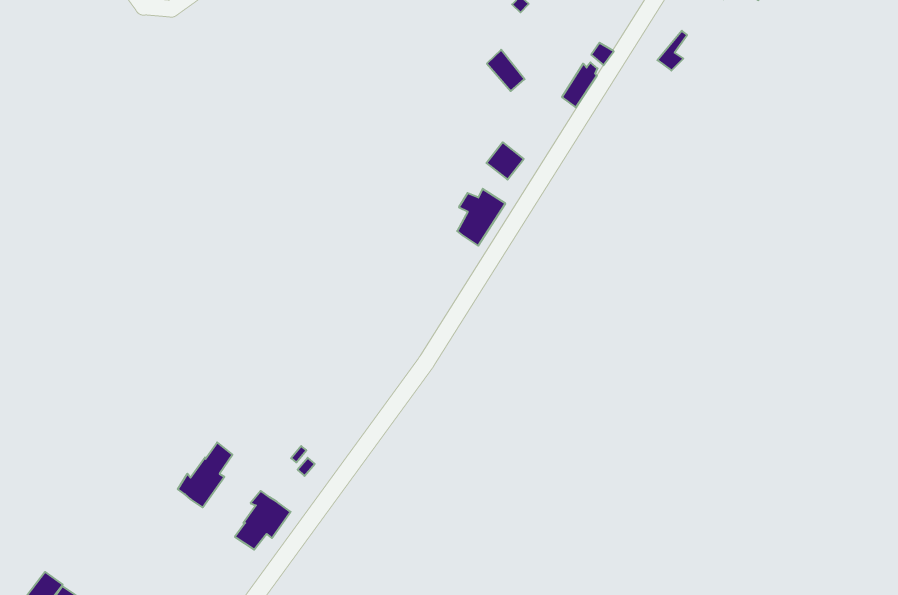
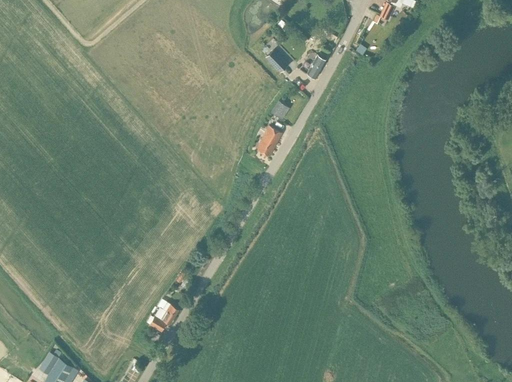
building: [178,442,232,507] -> none

